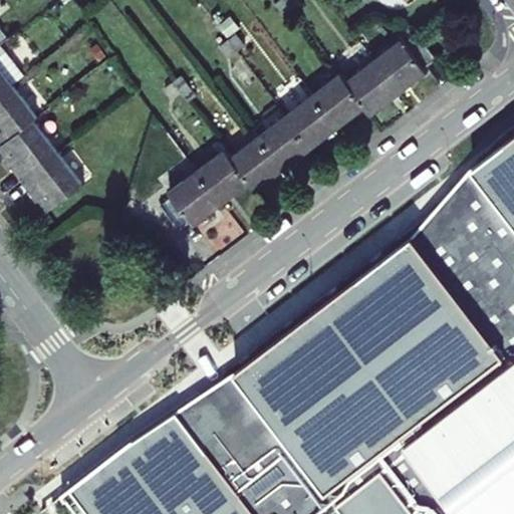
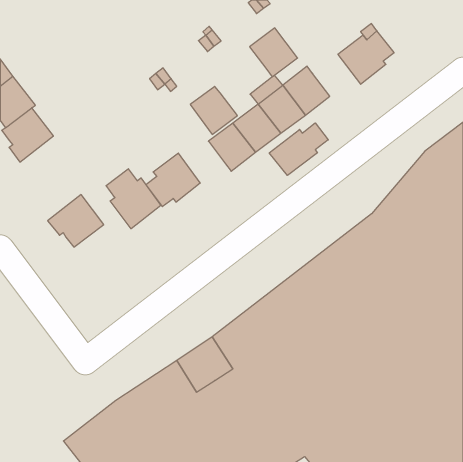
building: [346,61,400,115] -> [250,28,298,77]
building: none -> [269,123,328,175]
building: [198,151,250,204] -> [190,86,237,134]
building: [22,152,84,210] -> [48,195,104,247]
building: none -> [106,169,161,229]

